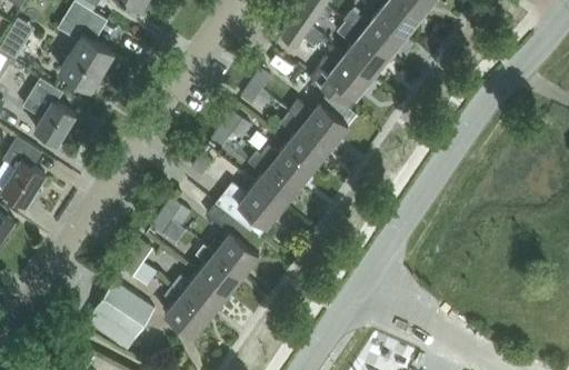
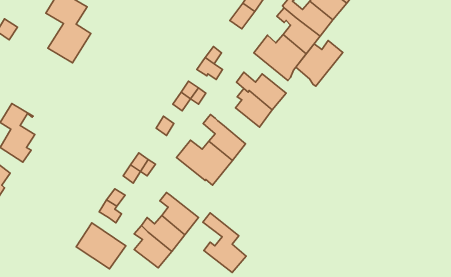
building: none -> [296,41,343,86]
building: [23,80,74,144] -> none
building: [262,144,316,188] -> none
building: [207,204,259,277] -> [203,213,246,273]

